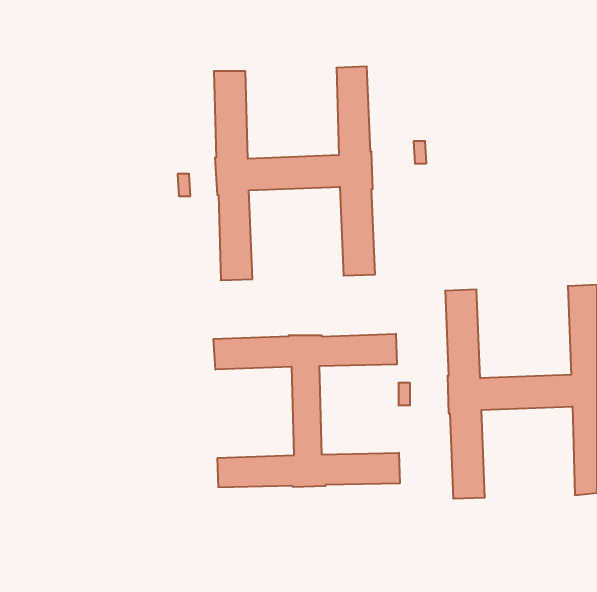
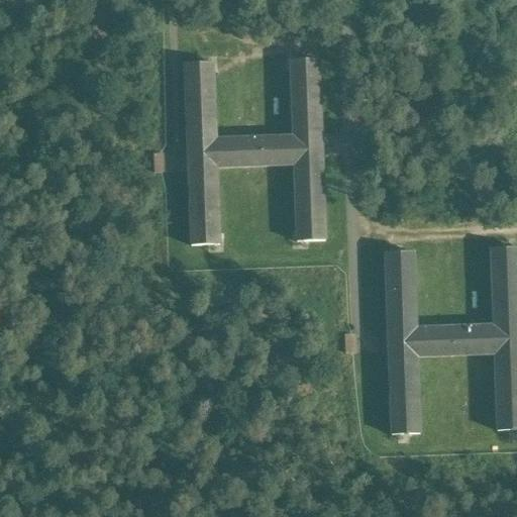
building: [214,334,400,487] -> none

